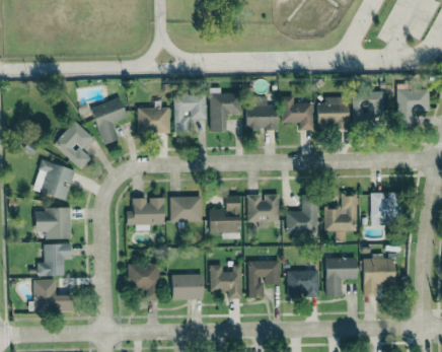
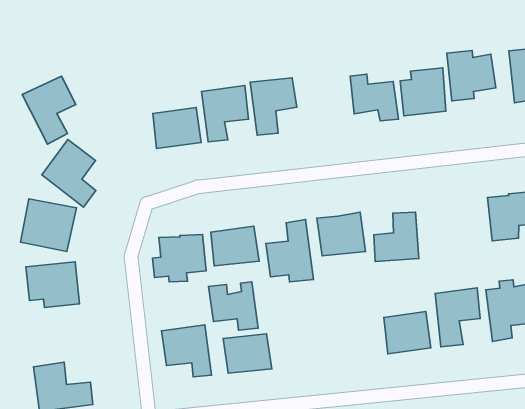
building: [245,95,278,130] -> none
building: [90,96,128,144] -> [22,76,76,144]
building: [324,193,357,241] -> none
building: [38,243,71,276] -> none
building: [248,260,280,298] -> none
building: [210,265,242,298] -> [208,282,258,330]

